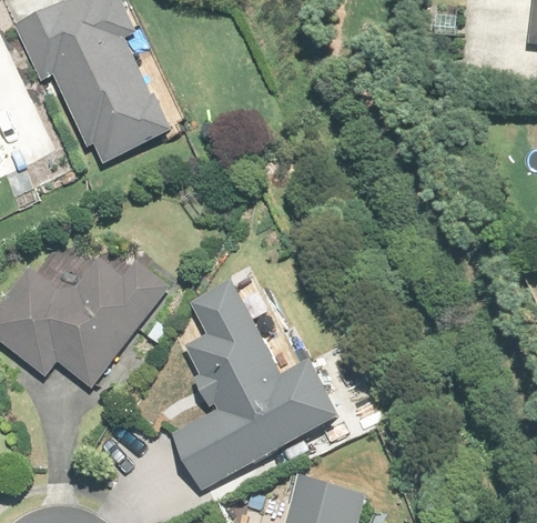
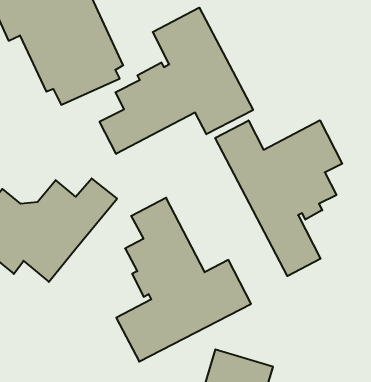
building: none -> [100,8,253,154]
building: none -> [215,120,342,276]

